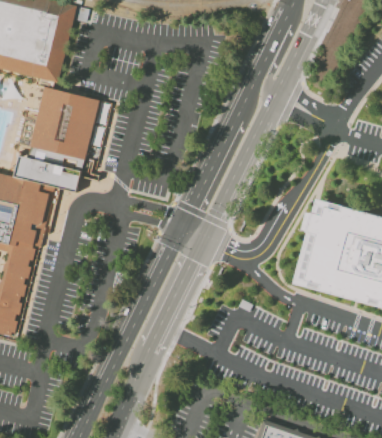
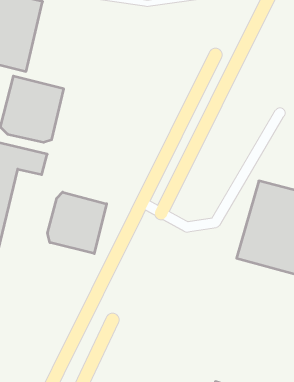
building: none -> [48,192,107,254]

